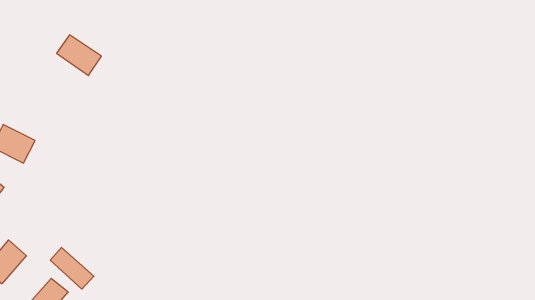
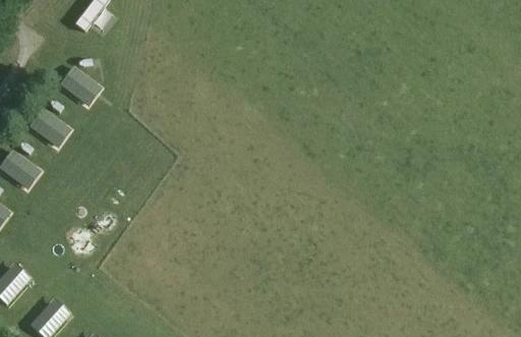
building: none -> [27,109,70,148]
building: [50,247,94,289] -> none

